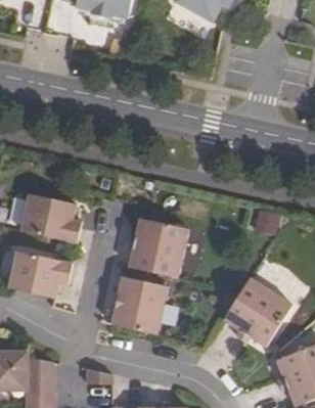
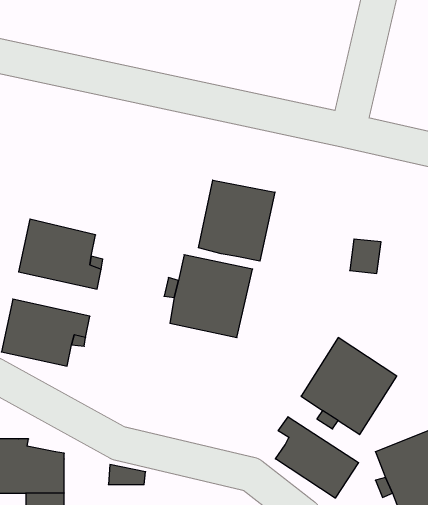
building: none -> [198,180,275,261]
building: [110,275,168,333] -> none
building: none -> [275,417,359,498]

